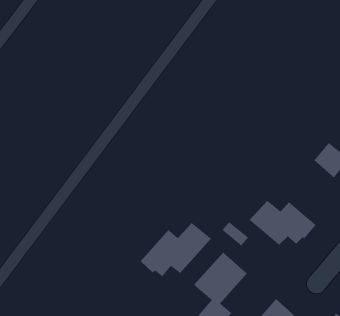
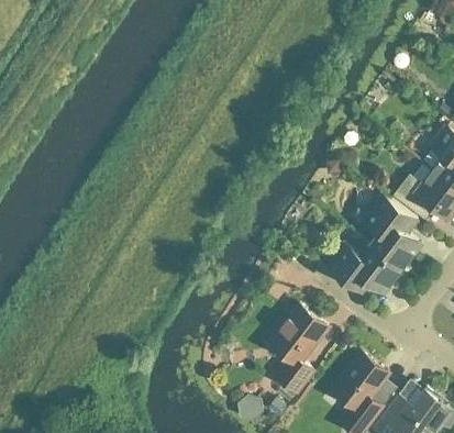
building: none -> [363,195,418,269]
building: [140,222,212,277] -> none

